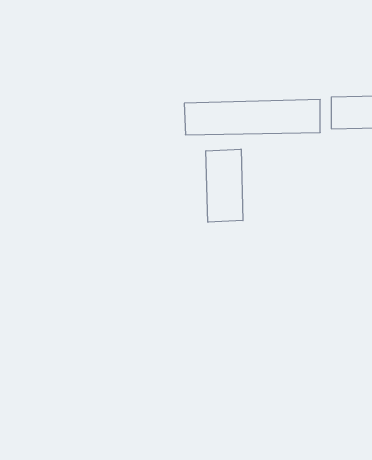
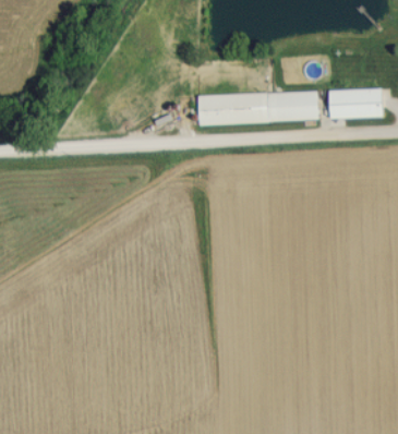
building: [206,149,243,222] -> none

